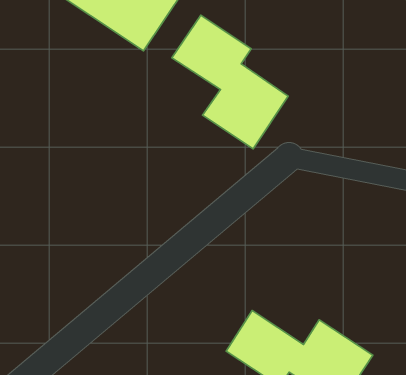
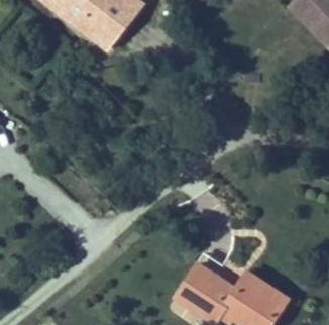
building: [172,15,288,149] -> none

